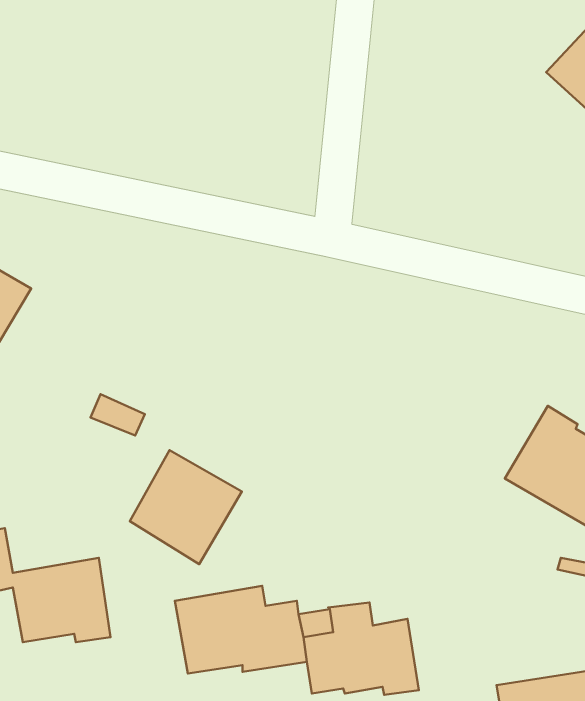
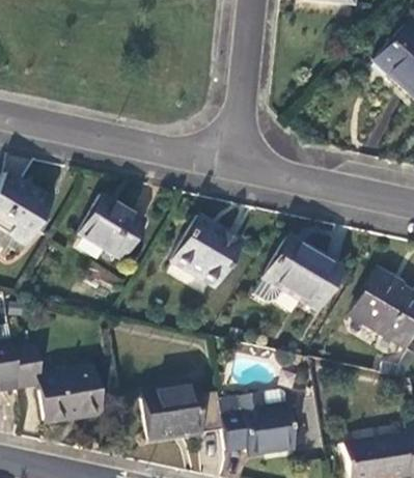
building: none -> [80,197,145,261]
building: none -> [265,237,342,311]
building: [130,450,242,564] -> [173,217,244,288]

